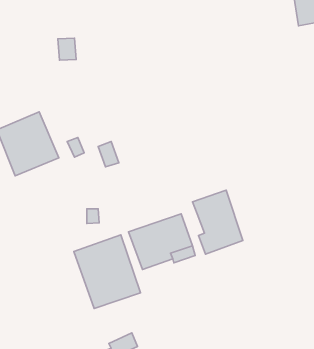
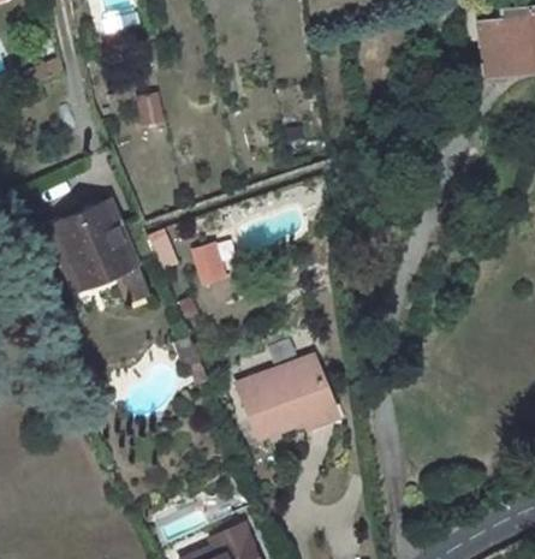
building: [192,190,243,254] -> none
building: [74,235,140,309] -> none

